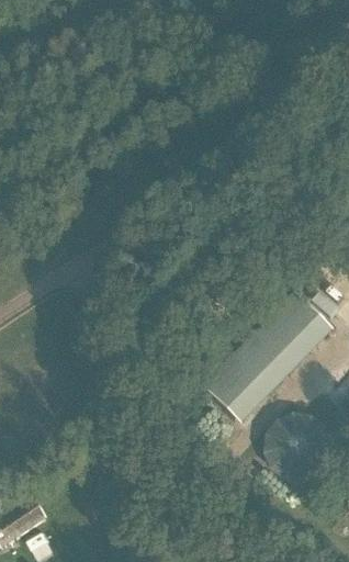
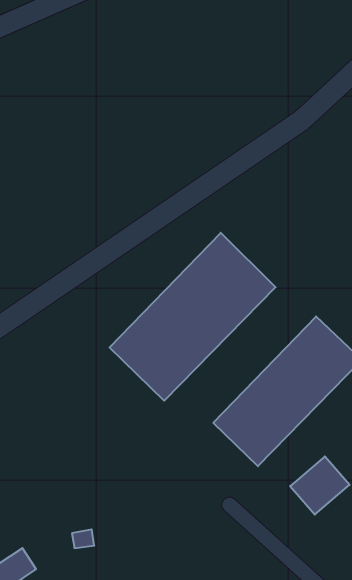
building: none -> [110,233,276,401]

